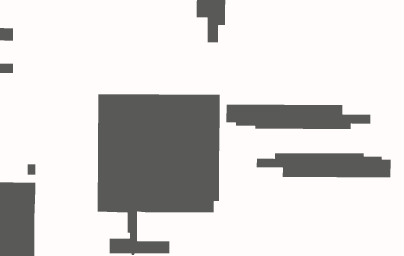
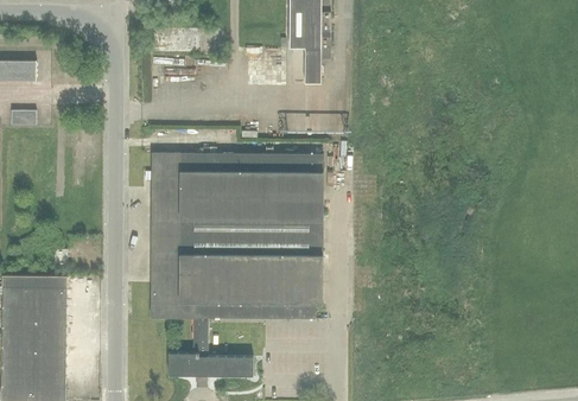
building: [225,104,371,130] -> none
building: [256,152,392,178] -> none

